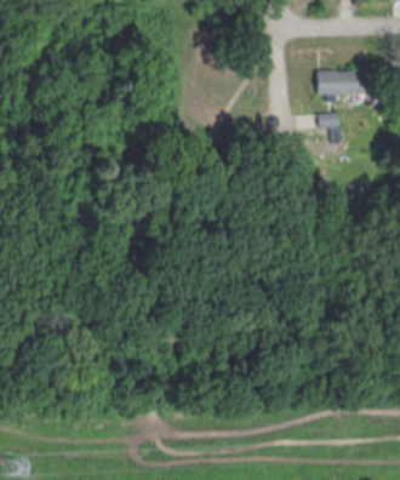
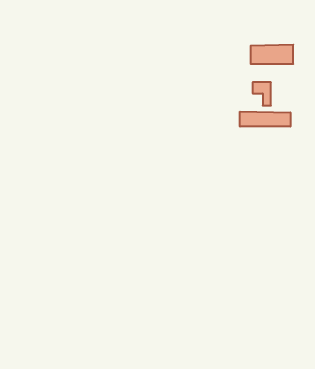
building: none -> [240,112,290,127]

